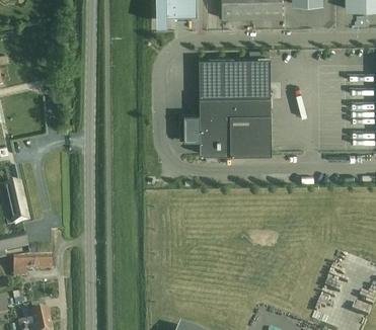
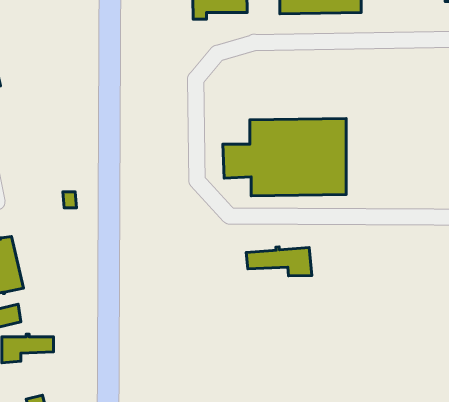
building: [199,59,271,97] -> none
building: none -> [246,247,312,276]

